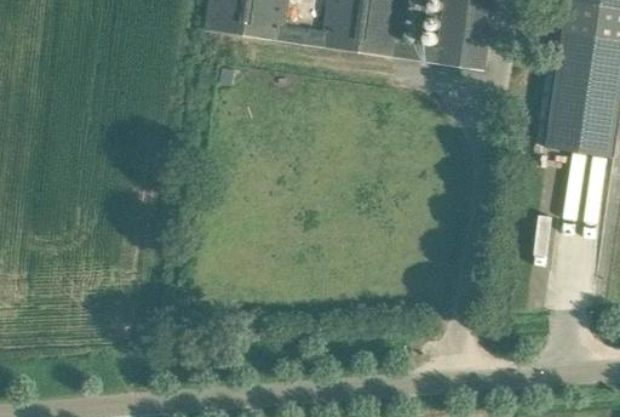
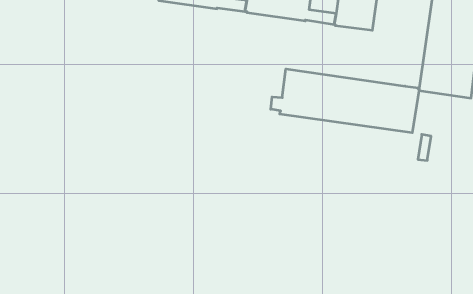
building: none -> [271,69,419,133]

